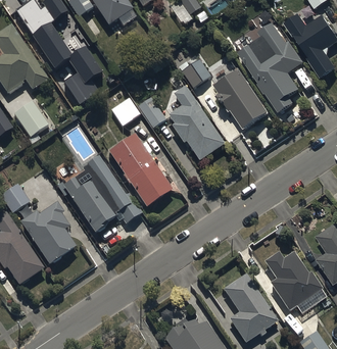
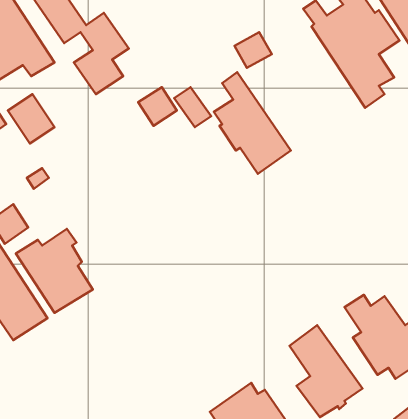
building: [213,66,268,128] -> none
building: [107,134,173,207] -> none
building: [62,155,142,233] -> none

